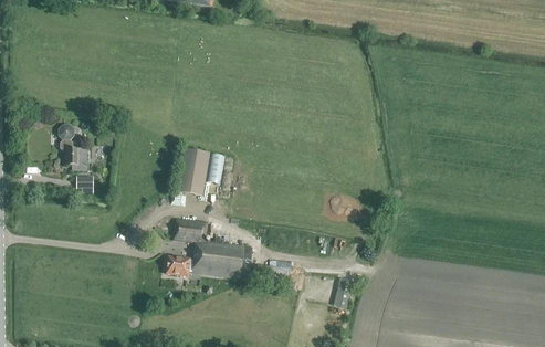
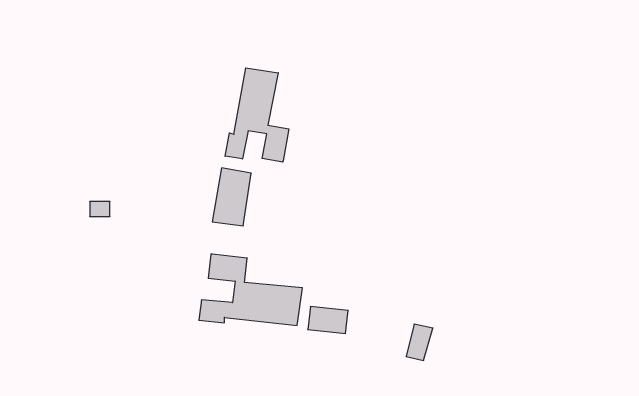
building: none -> [225,68,289,162]
building: [59,125,86,169] -> none

